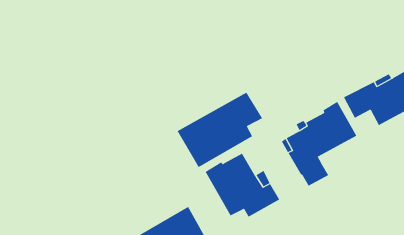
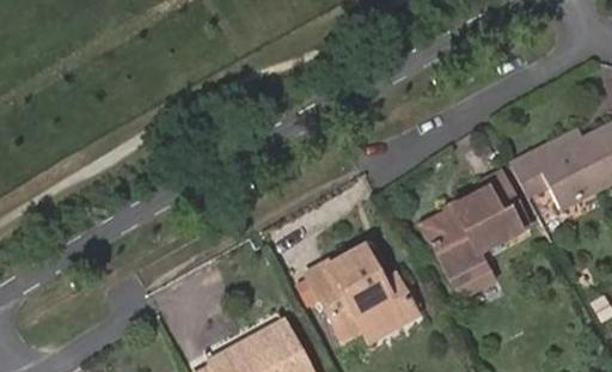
building: [177,92,263,168] -> none

